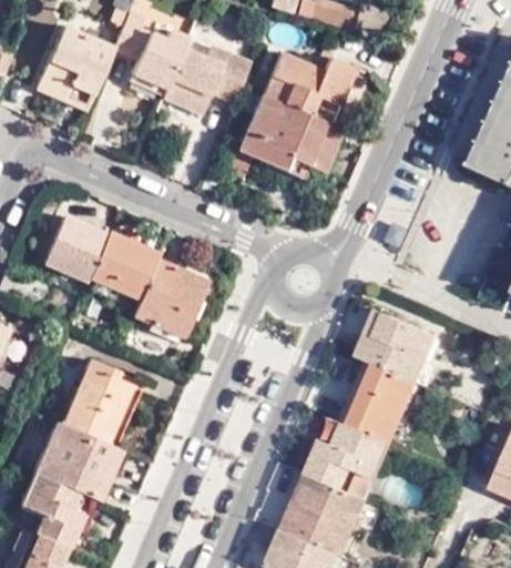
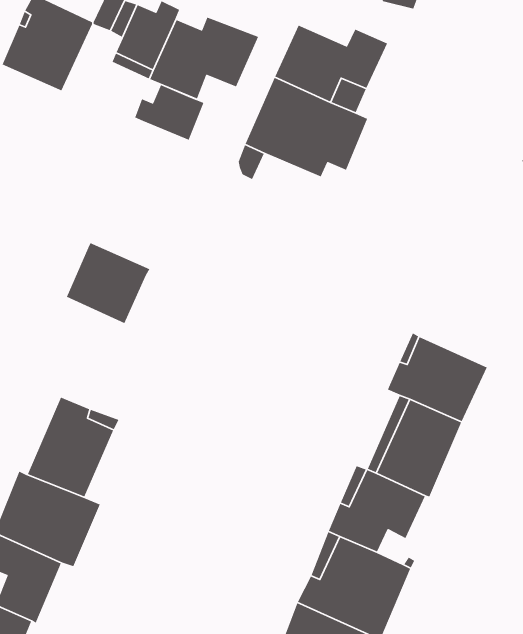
building: none -> [134,84,204,141]
building: [45,217,109,281] -> none
building: [133,260,206,335] -> none

